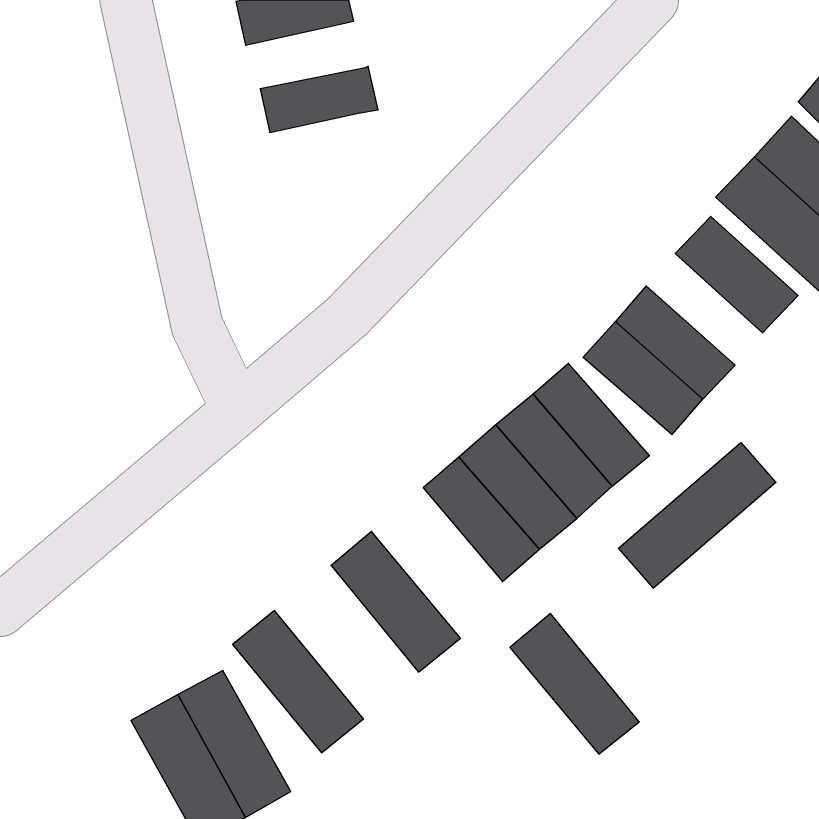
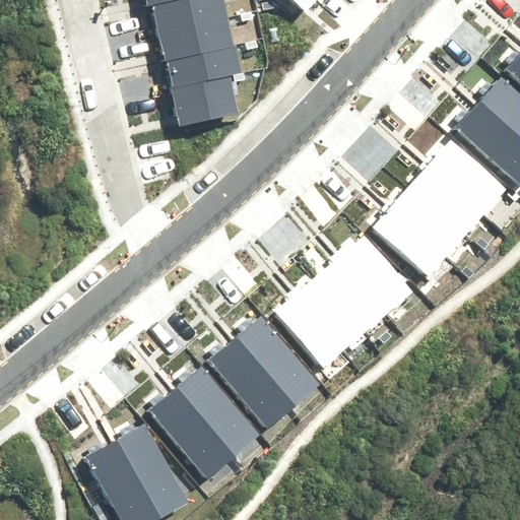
building: none -> [158,17,234,61]
building: none -> [171,75,238,126]
building: none -> [410,164,483,234]
building: [618,443,776,588] -> none
building: none -> [177,368,258,456]
building: [510,614,639,754] -> [238,317,319,405]

